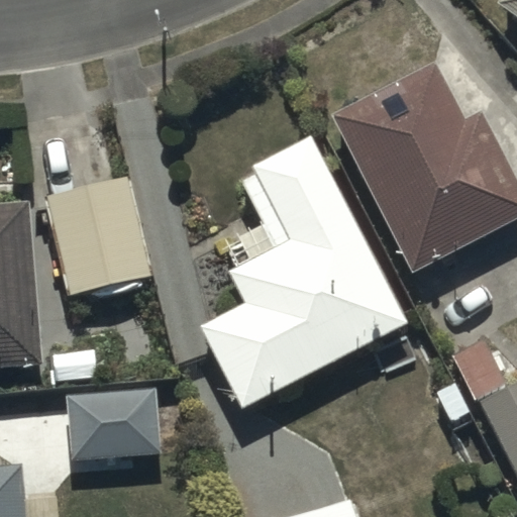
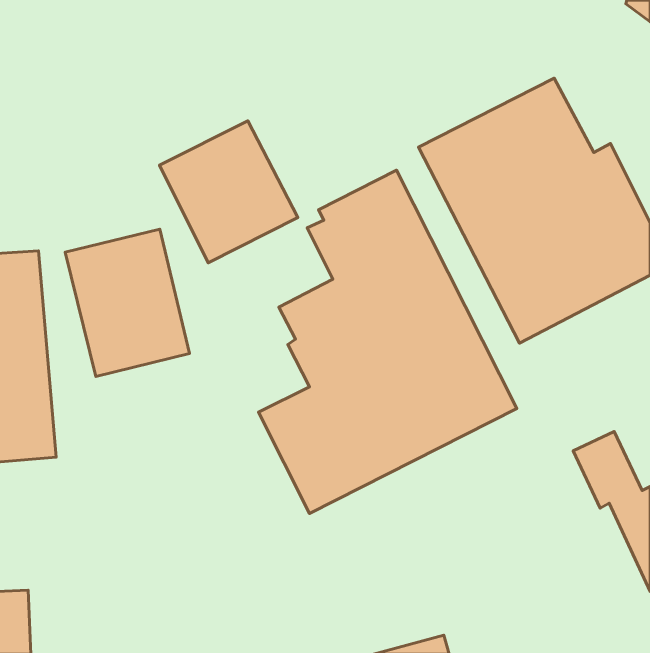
building: none -> [159,121,298,263]
building: [64,388,163,462] -> none

